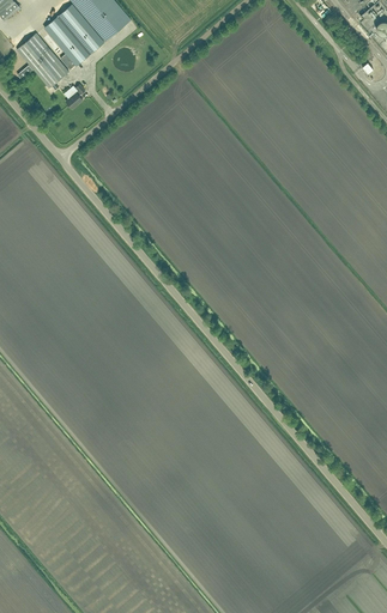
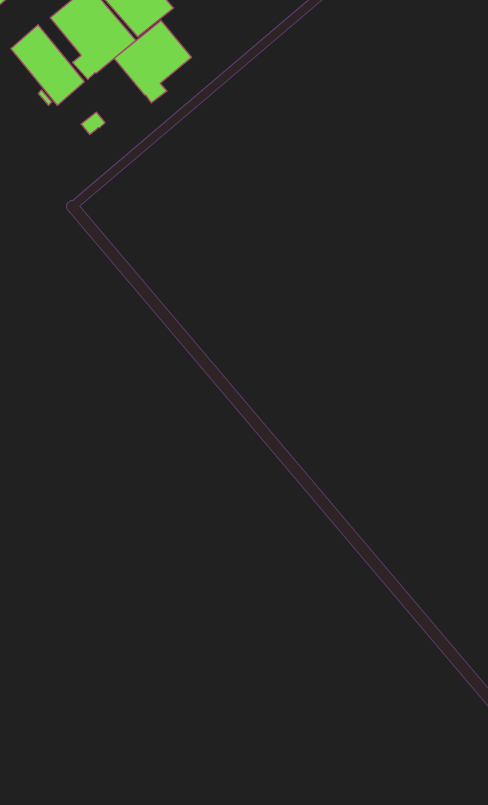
building: none -> [114,20,191,103]

